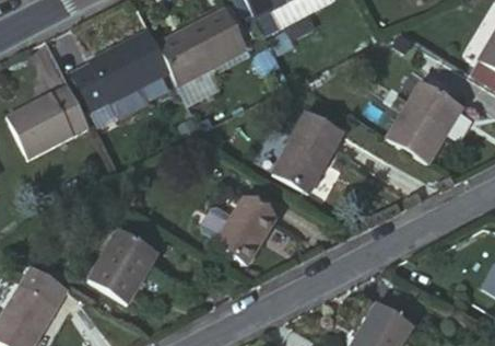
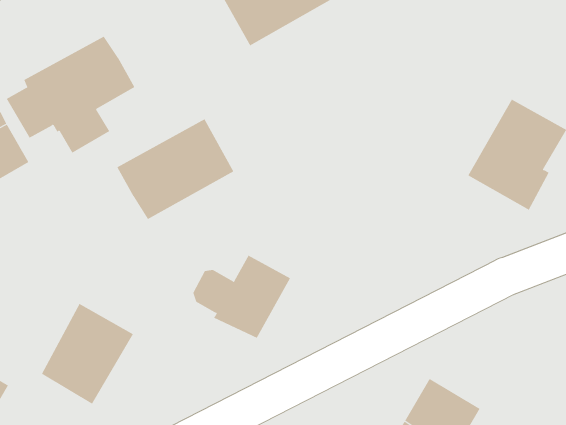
building: [139,19,226,94] -> [117,119,234,220]
building: [286,108,357,193] -> none

